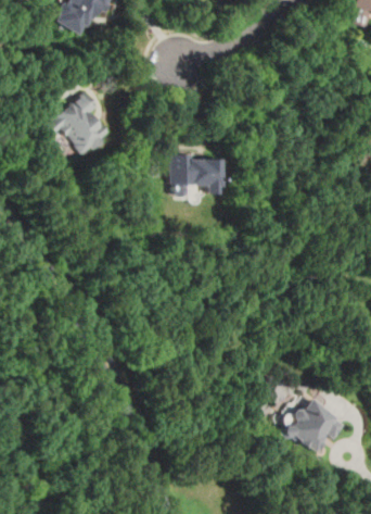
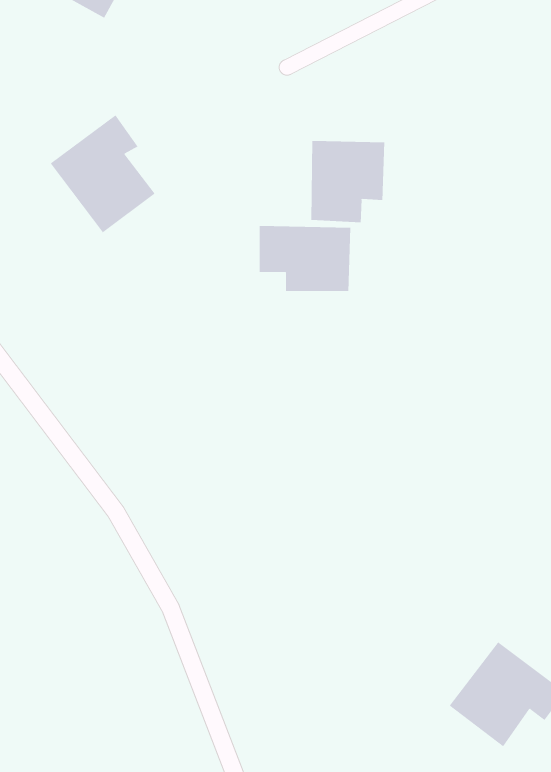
building: none -> [311,140,385,223]

